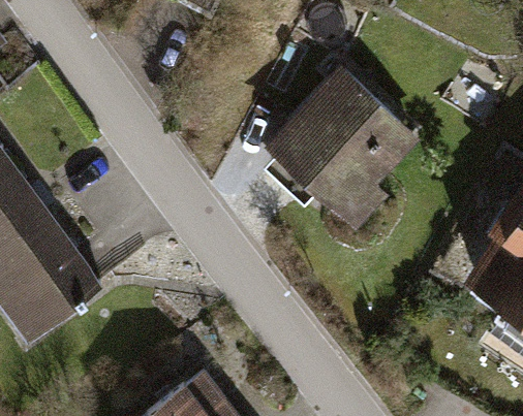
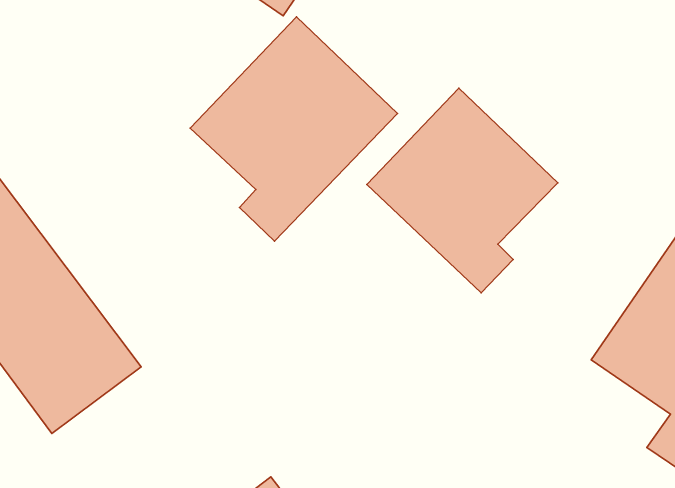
building: none -> [190,17,397,241]

